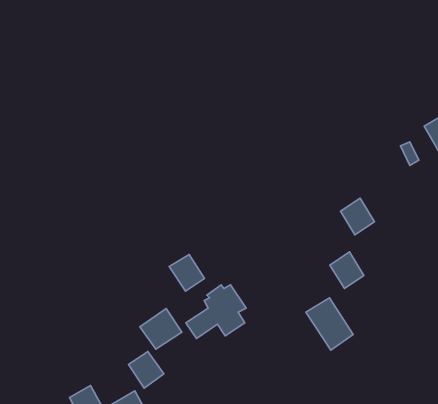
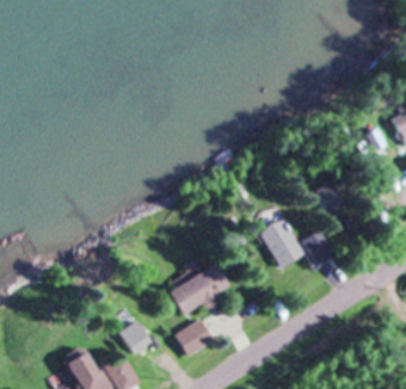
building: [169,255,204,291] -> none
building: [306,298,353,350] -> [258,221,301,268]
building: [140,308,182,349] -> [174,320,213,357]

